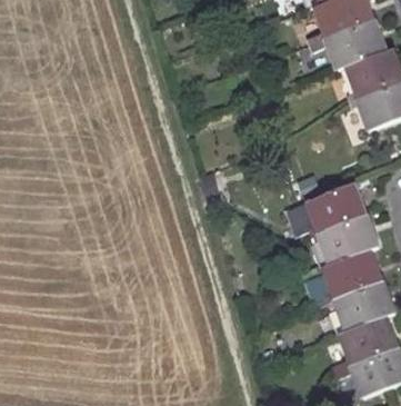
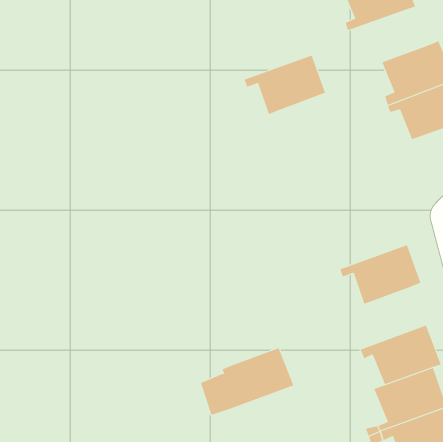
building: [318,21,384,70] -> [244,55,326,115]
building: [287,184,367,236] -> none
building: [305,250,382,306] -> [200,347,294,415]

